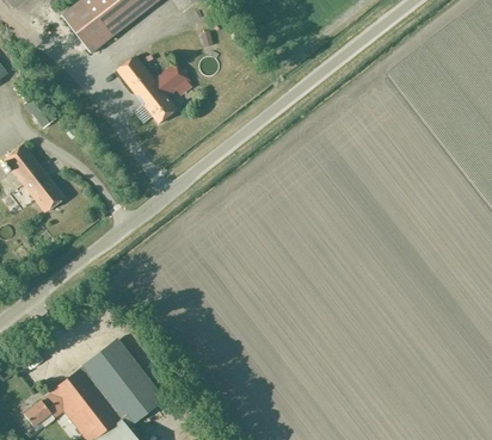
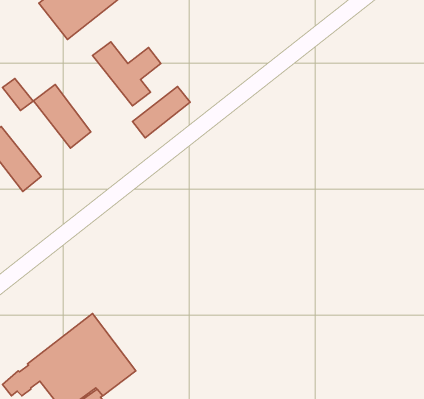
building: none -> [34,84,91,148]
building: none -> [133,87,190,138]

